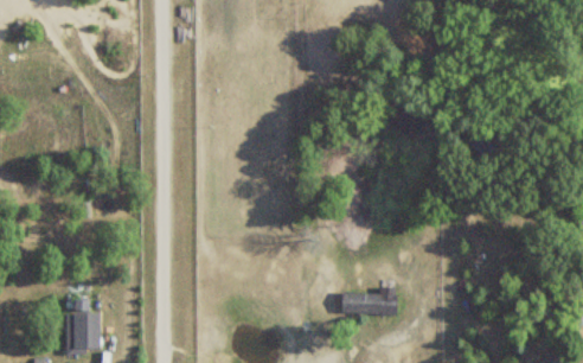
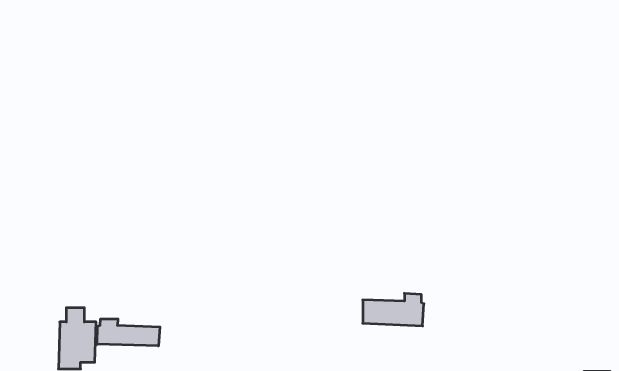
building: none -> [97,319,160,346]

